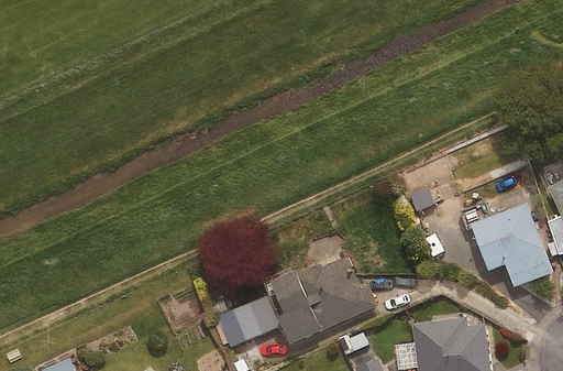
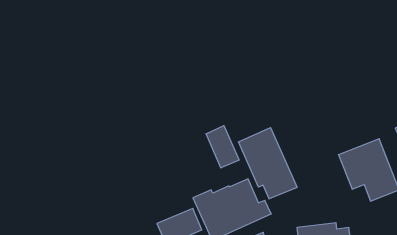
building: none -> [206,126,239,168]
building: none -> [239,128,297,199]

